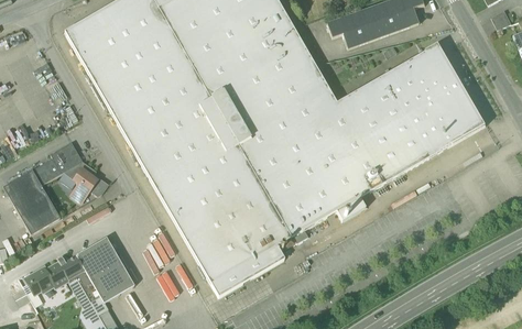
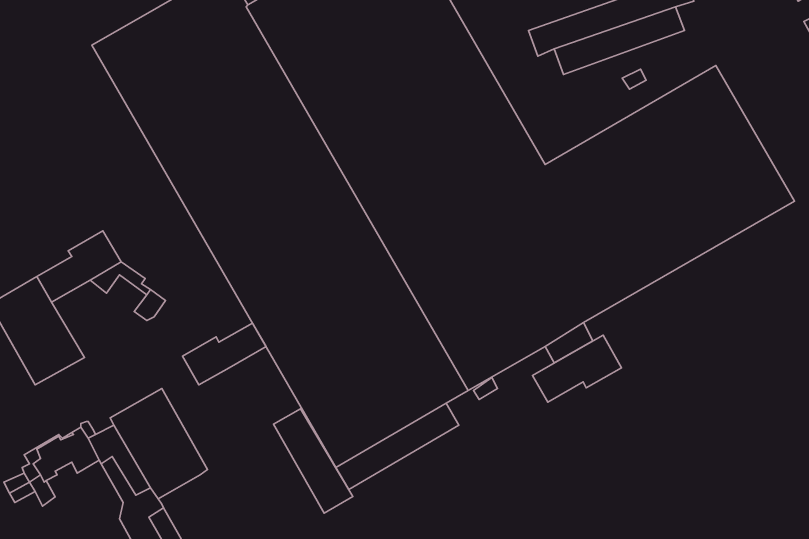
building: [72,168,98,201] -> none
building: none -> [183,323,266,385]
building: none -> [533,335,622,402]
building: none -> [273,409,353,513]

